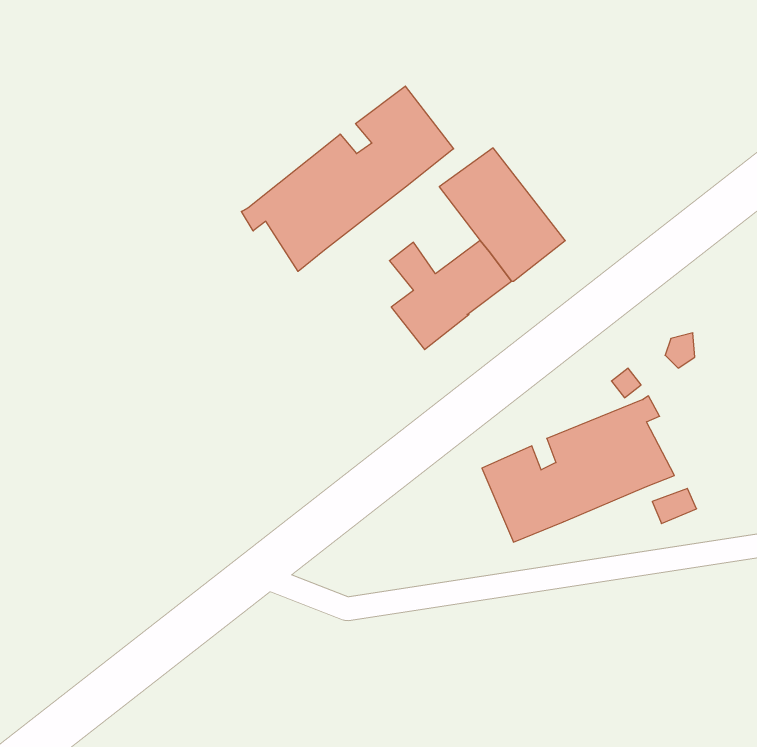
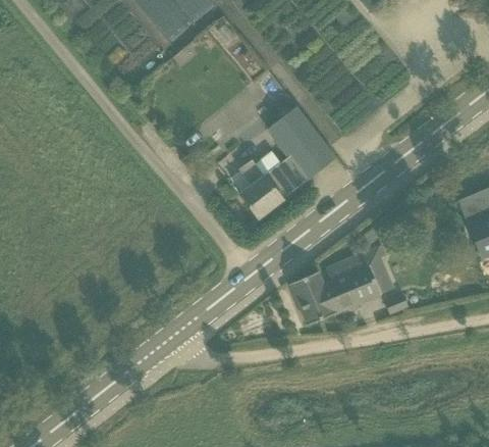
building: [241,86,454,271] -> none

